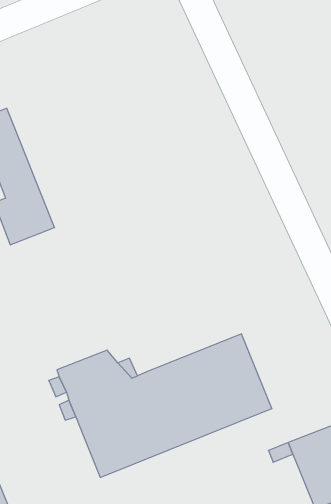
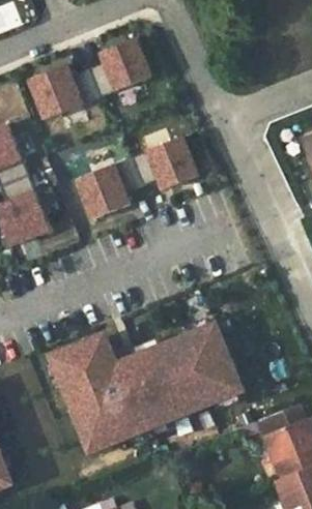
building: none -> [30,38,150,119]
building: none -> [77,137,198,219]

